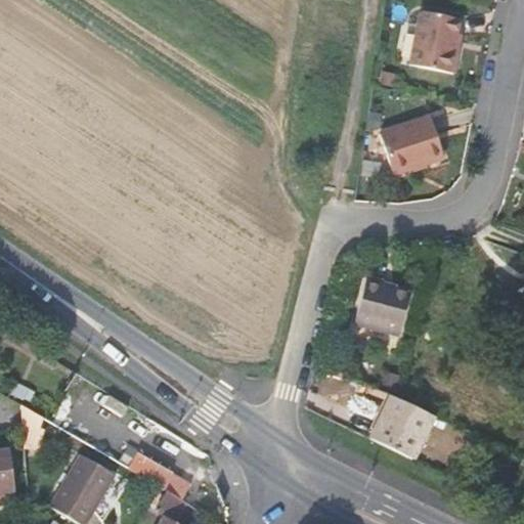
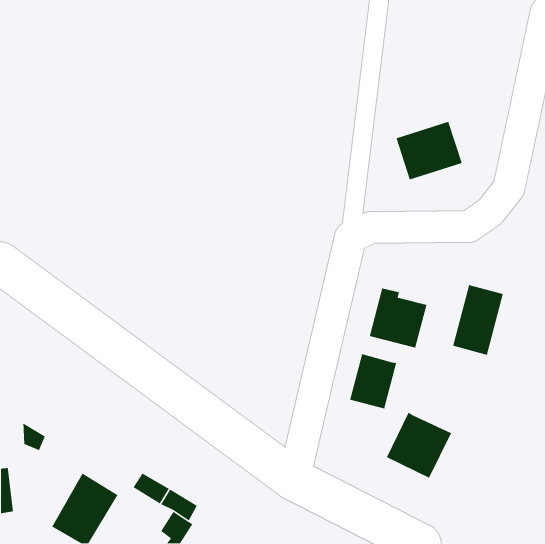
building: [410,9,461,73] -> none
building: none -> [452,284,504,356]
building: none -> [349,353,397,409]

